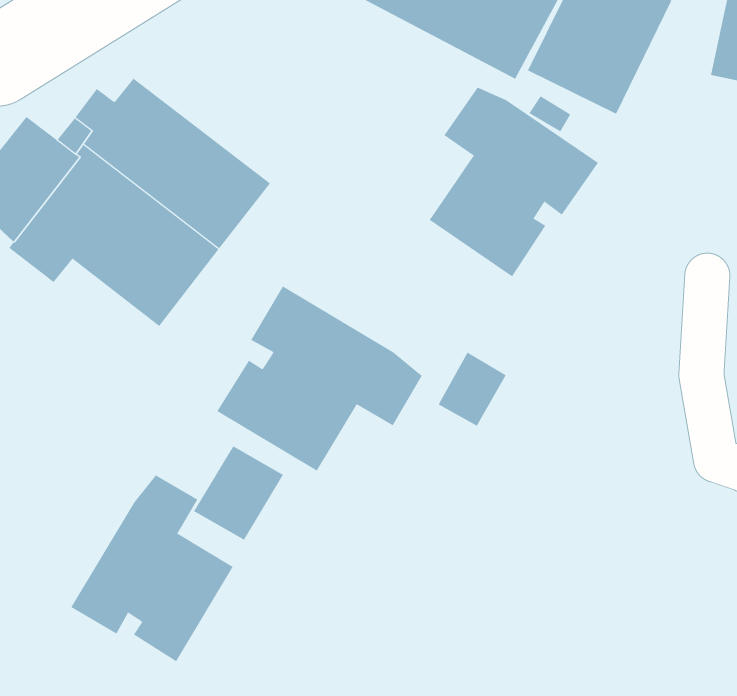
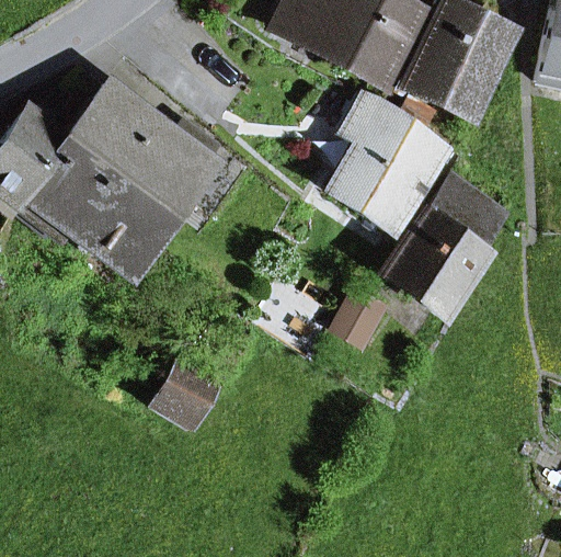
building: none -> [385,178,508,316]
building: [216,285,422,472] -> none
building: [70,475,233,662] -> none

